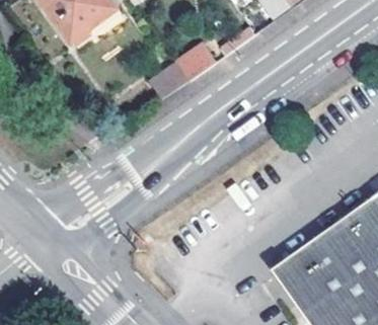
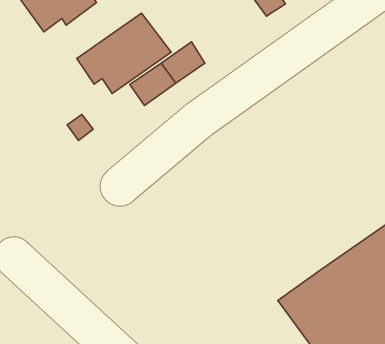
building: none -> [77,13,171,94]

